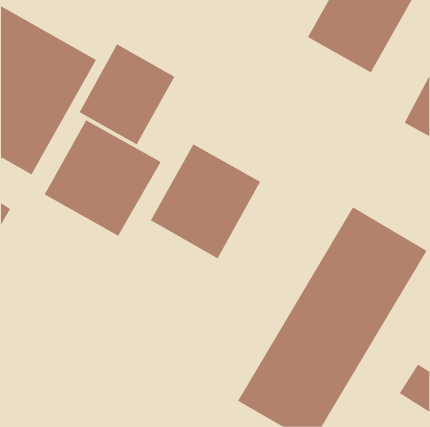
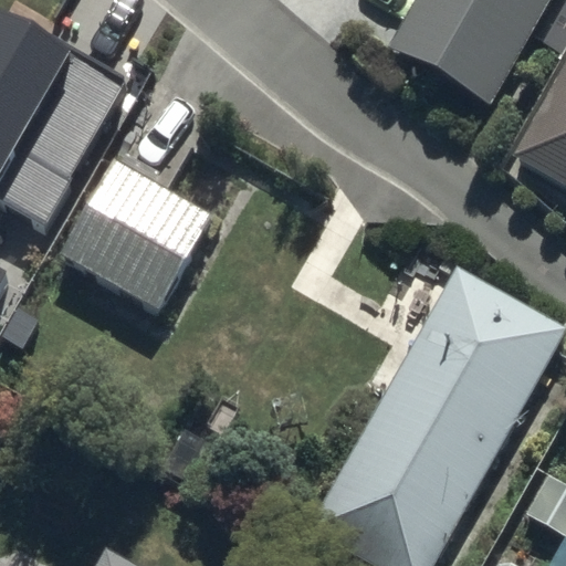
building: [79,43,175,145] -> none
building: [150,144,261,259] -> none

